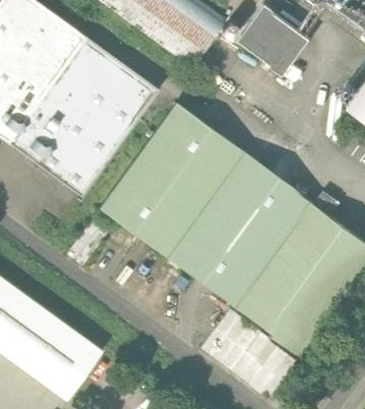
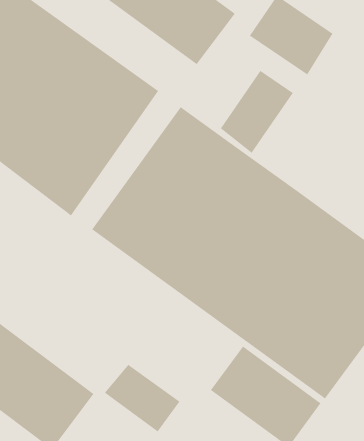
building: none -> [220,70,294,154]
building: none -> [104,364,180,432]

